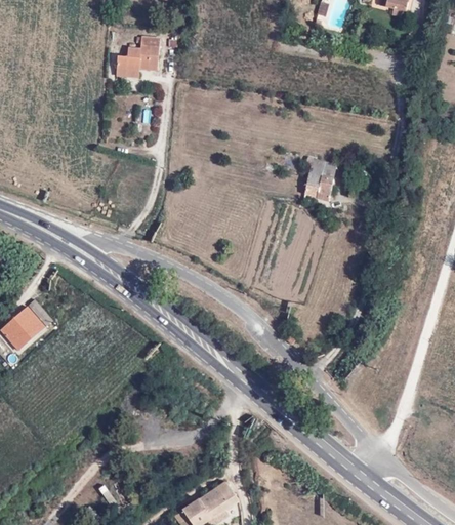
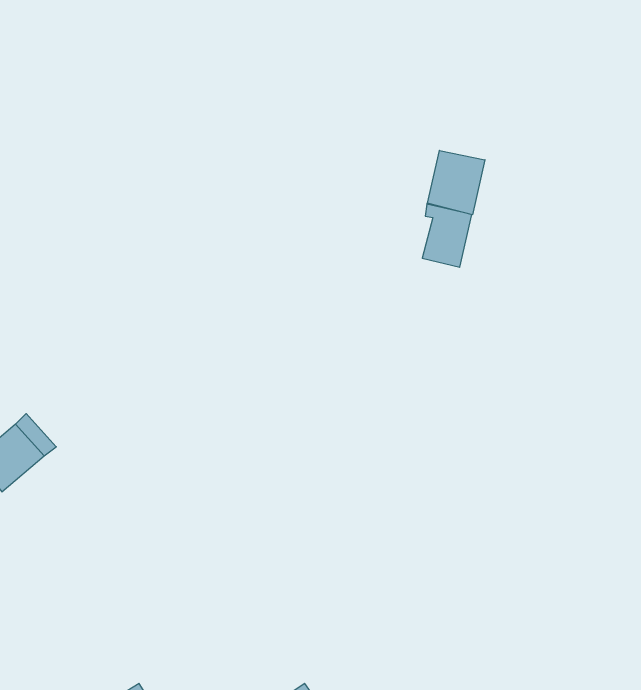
building: [116,36,159,78] -> none
building: none -> [428,150,485,215]

